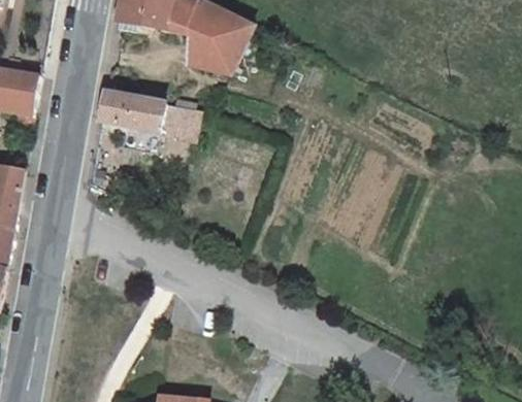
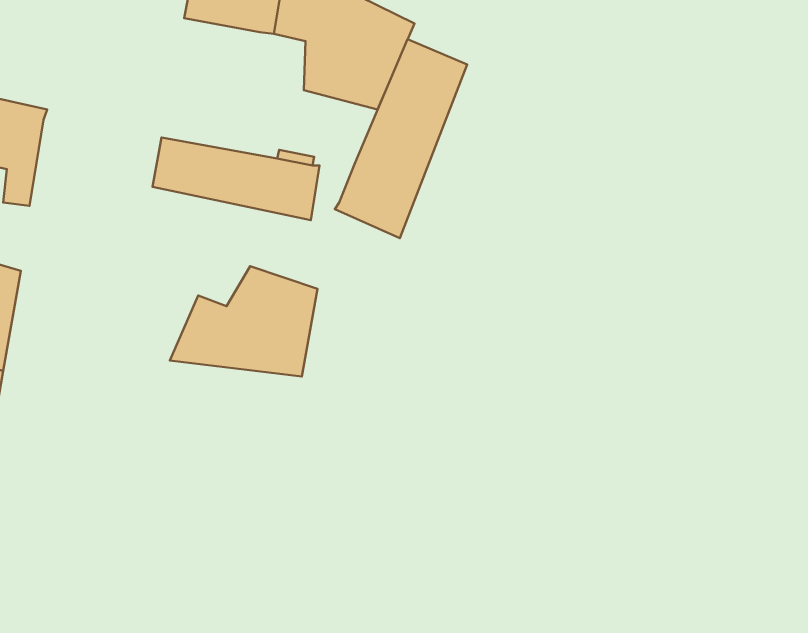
building: none -> [335,39,467,238]
building: none -> [170,266,317,377]

